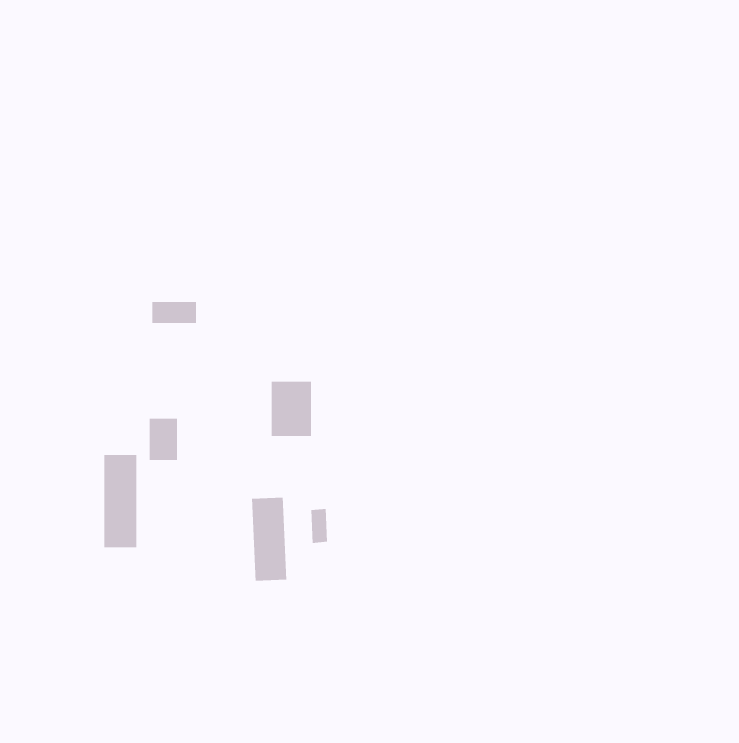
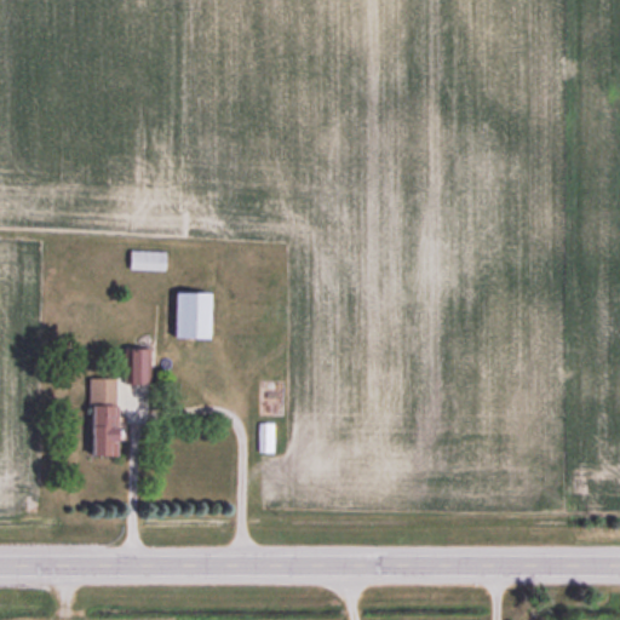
building: [271,381,312,436] -> [176,292,209,338]
building: [252,497,287,582] -> none

